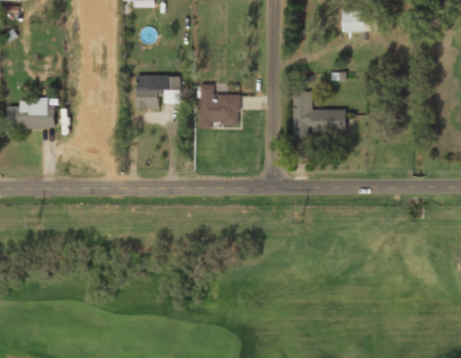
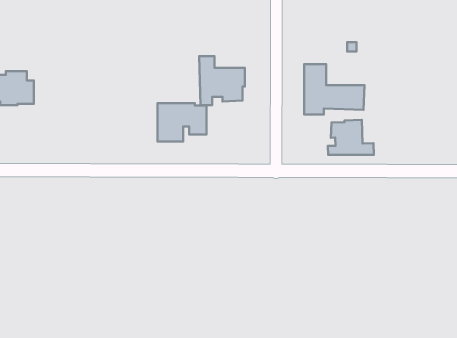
building: [137,75,180,109] -> [158,103,207,141]
building: none -> [328,120,374,155]

